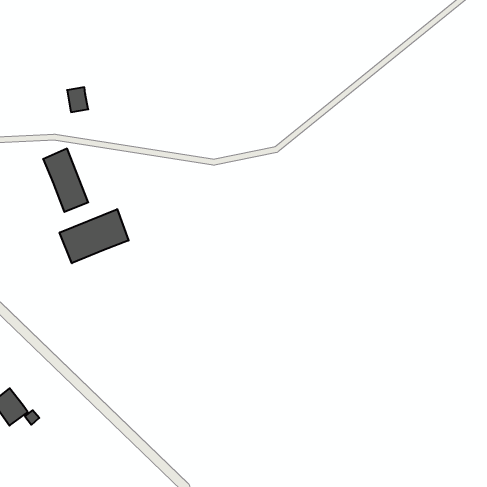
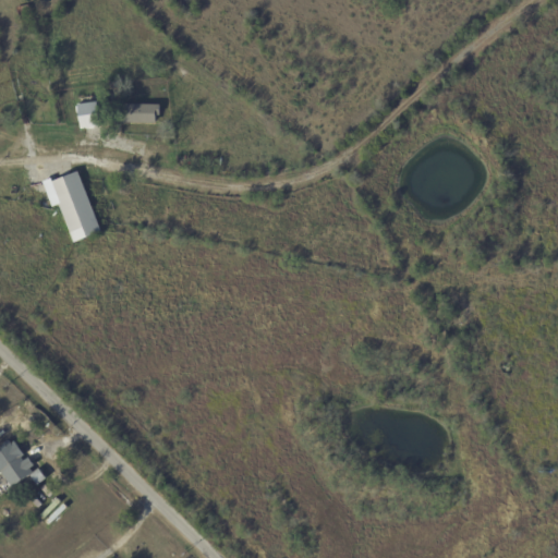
building: none -> [121,102,159,122]
building: [60,209,129,263] -> none

